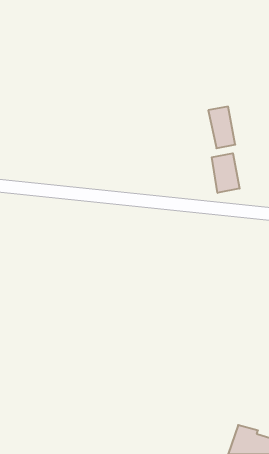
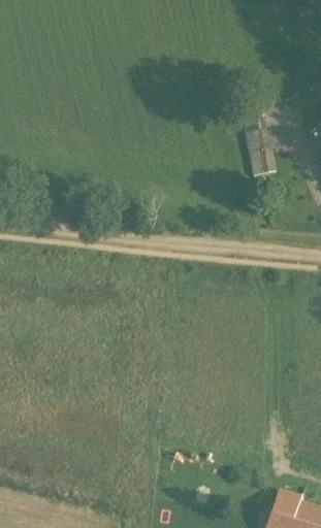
building: [212,153,240,193] -> none

